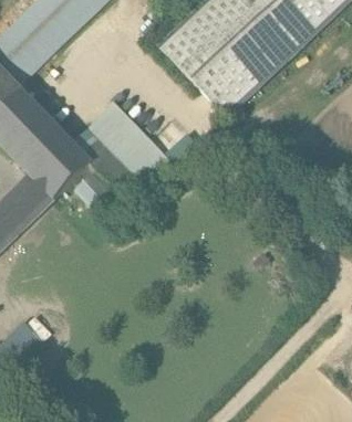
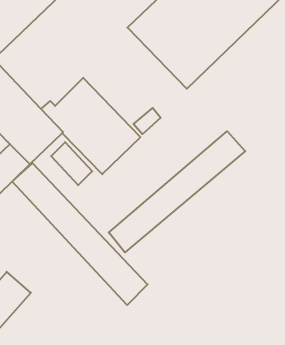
building: none -> [109,131,245,252]
building: none -> [12,163,148,305]

